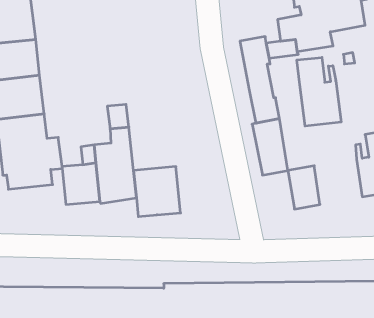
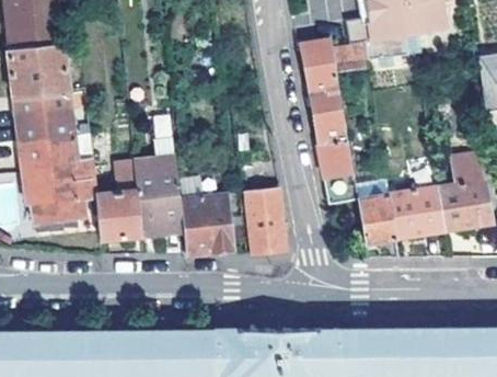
building: [297,57,341,126] -> none
building: none -> [389,186,444,239]
building: none -> [243,188,285,253]

